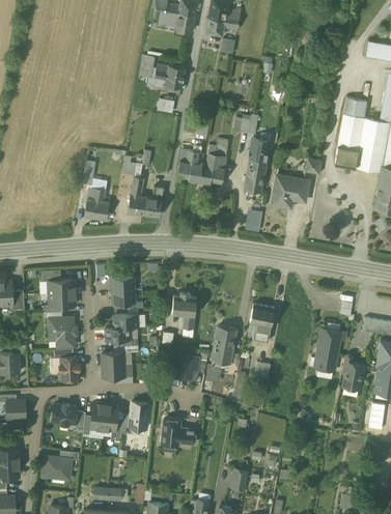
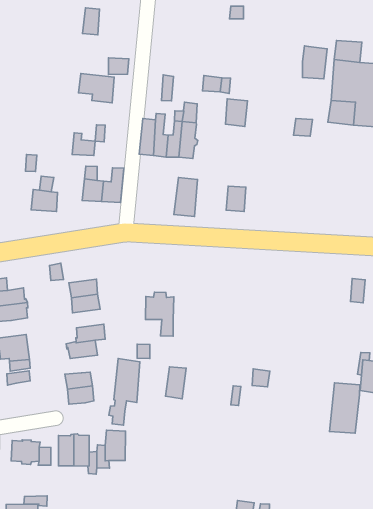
building: [155,63,185,89] -> [79,74,114,103]
building: none -> [302,46,327,79]
building: [244,160,266,193] -> [174,177,198,217]
building: [272,176,308,208] -> none
building: [249,305,274,342] -> none
building: [206,326,235,381] -> [109,359,140,425]
building: [313,329,341,371] -> [330,383,360,433]
building: [59,356,79,380] -> none
building: [161,419,195,446] -> none

